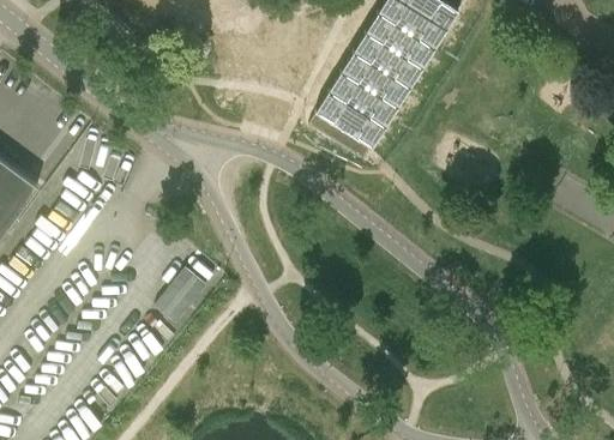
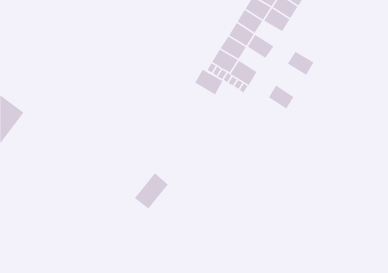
building: [381,49,422,86] -> [287,51,314,76]
building: [357,88,397,125] -> [268,85,295,110]
building: none -> [194,69,223,96]
building: [156,265,207,320] -> [134,172,169,209]

